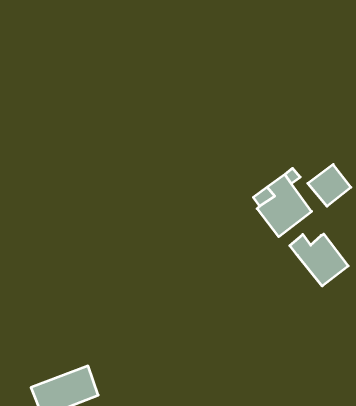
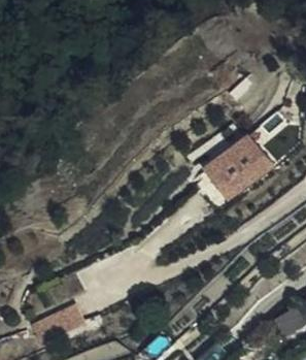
building: [290,234,348,286] -> none

